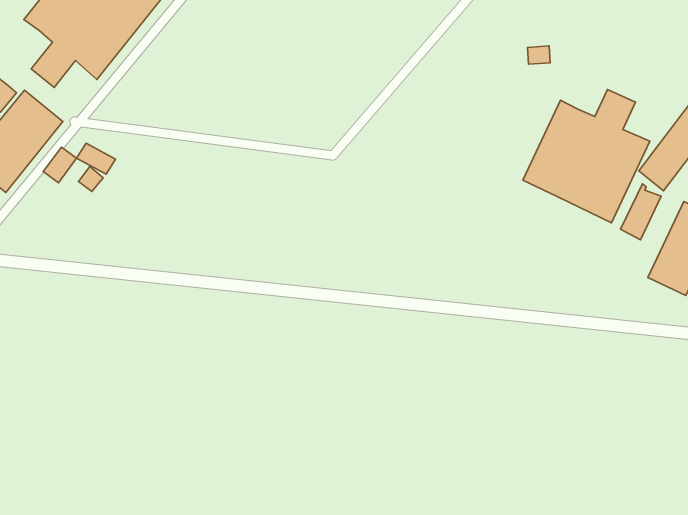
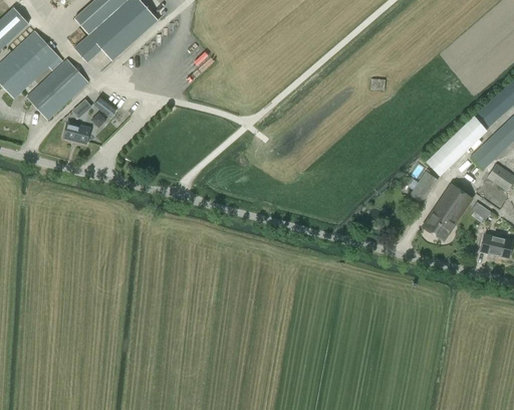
building: [523,89,650,223] -> none
building: none -> [64,123,90,144]

